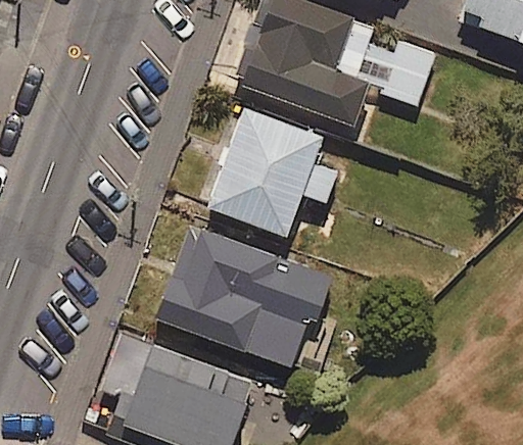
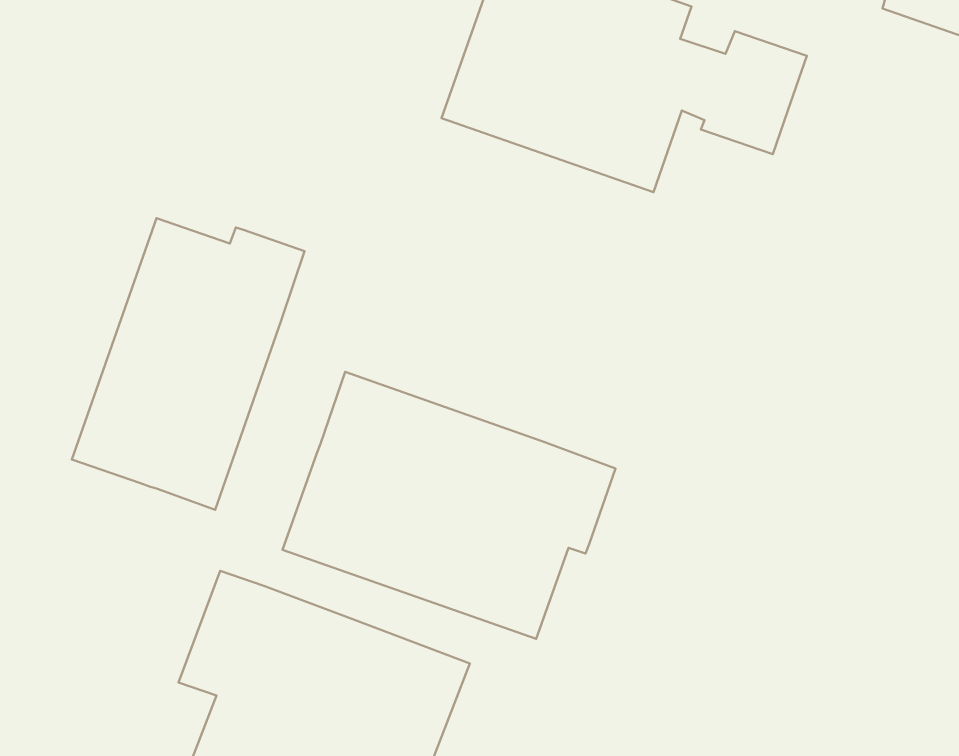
building: [207,108,338,237] -> none
building: none -> [72,218,305,510]

